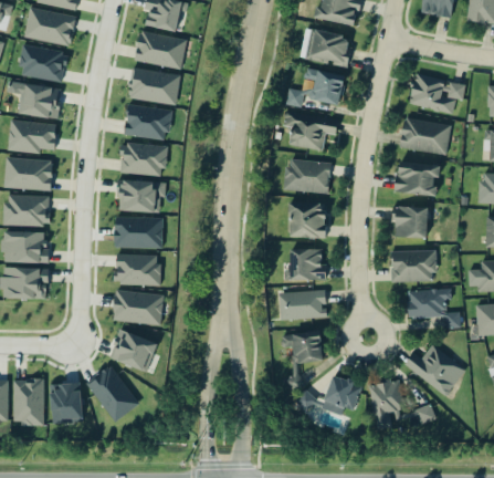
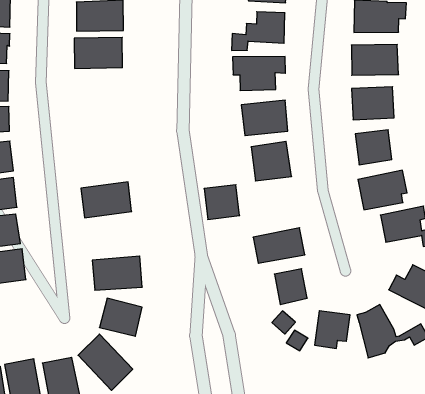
building: [124,105,170,139] -> none
building: [119,143,166,175] -> none
building: [118,180,165,211] -> none
building: [291,248,324,280] -> [204,185,240,219]
building: [114,253,159,284] -> none

